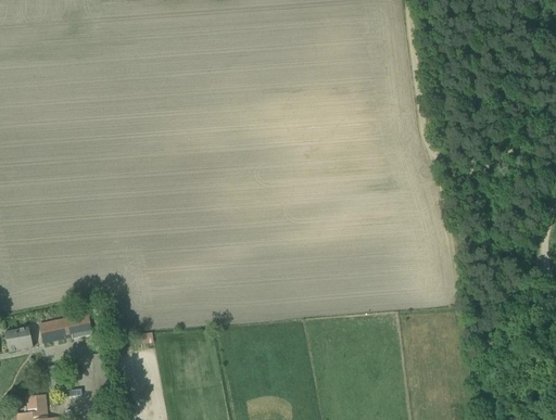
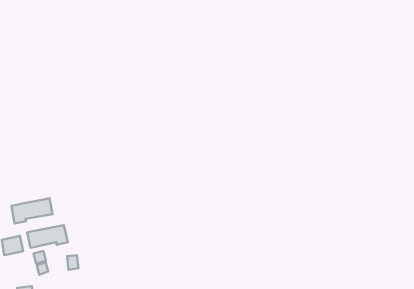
building: none -> [12,198,52,223]

